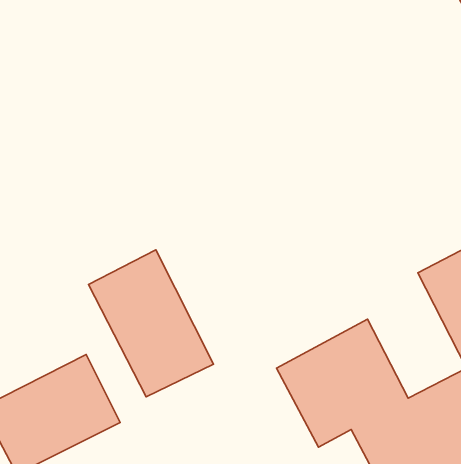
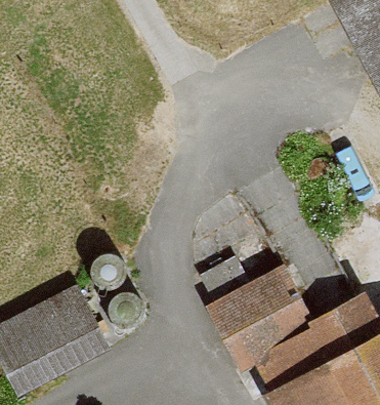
building: [89,250,214,397] -> none

